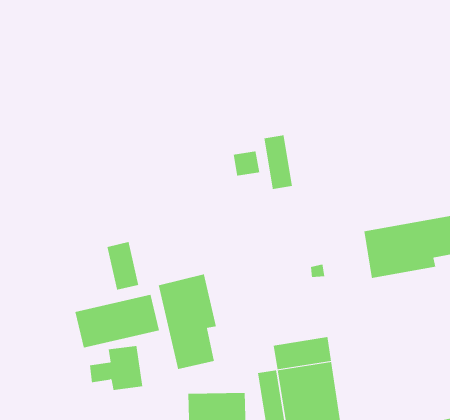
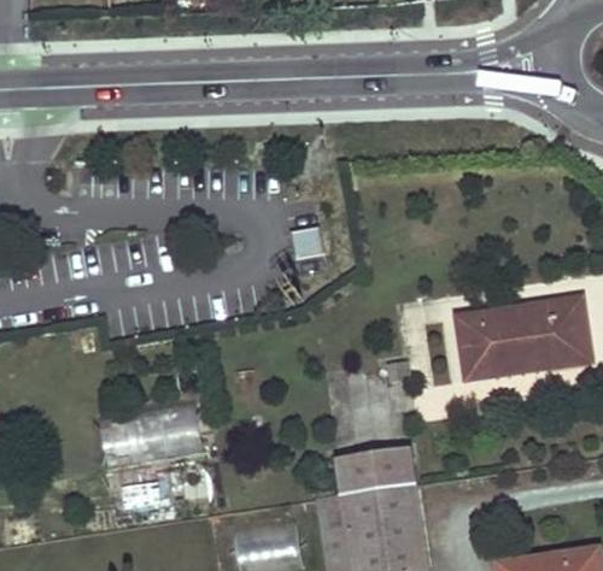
building: [264,134,293,190] -> none
building: [107,241,139,291] -> none
building: [158,274,216,370] -> none

